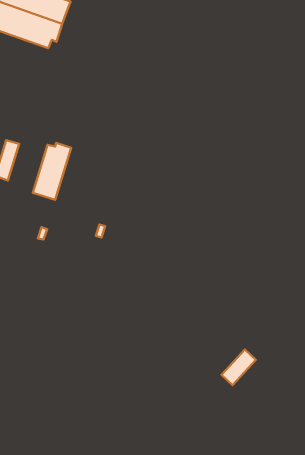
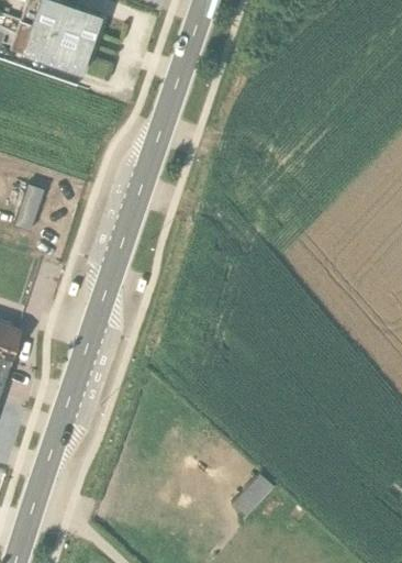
building: [33,143,71,200] -> none
building: [221,350,256,385] -> [231,475,271,517]

